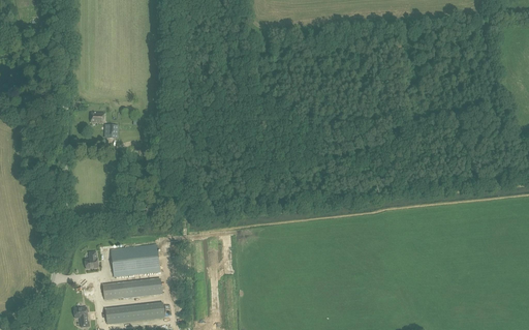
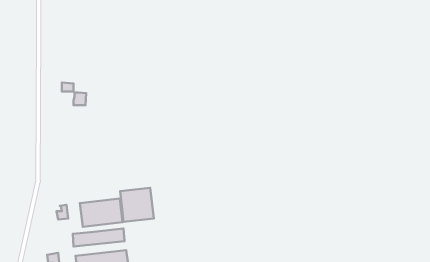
building: none -> [120,188,154,222]

